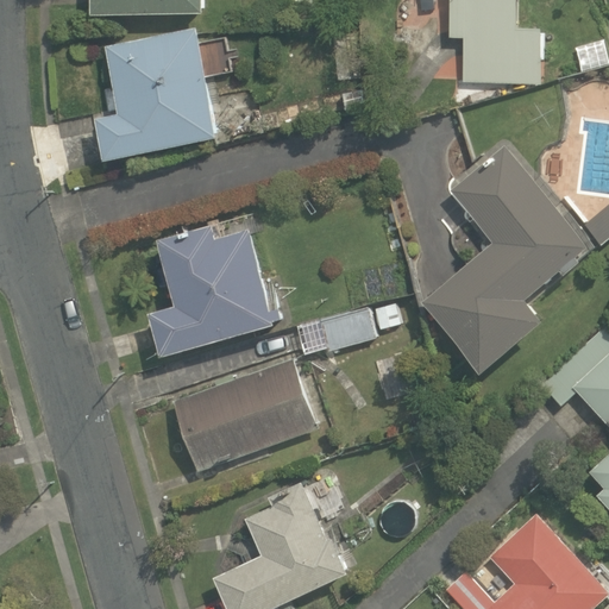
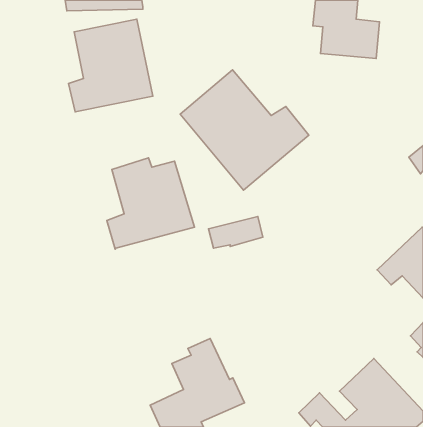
building: none -> [180,70,309,190]
building: [420,146,590,377] -> none
building: [175,358,318,471] -> none

